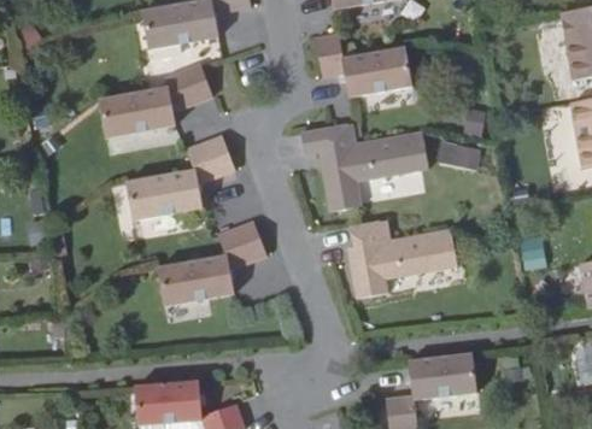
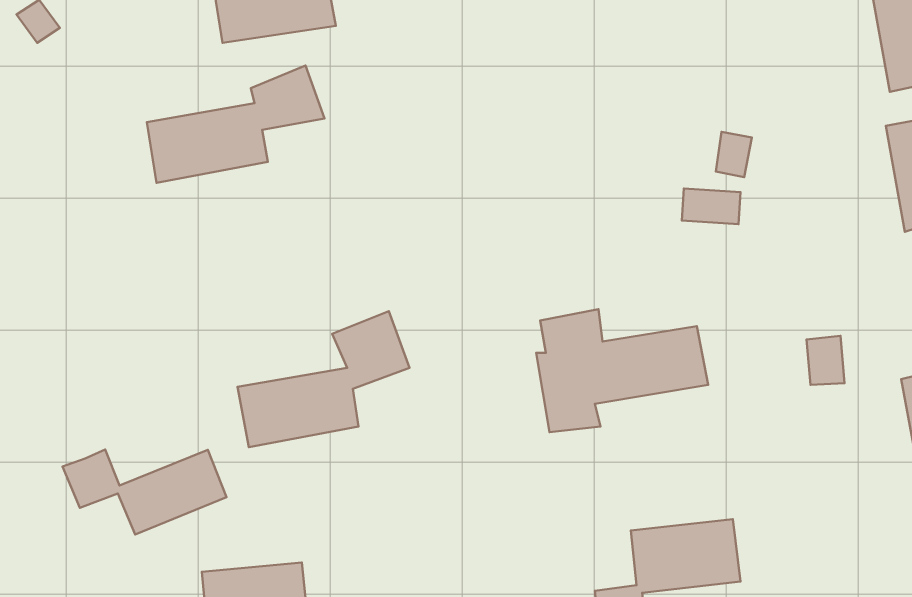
building: [313,34,412,98] -> none
building: [300,123,429,213] -> none
building: [125,136,235,221] -> none
building: none -> [63,450,227,535]

